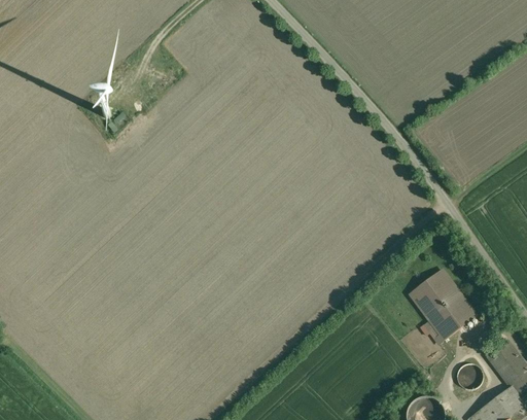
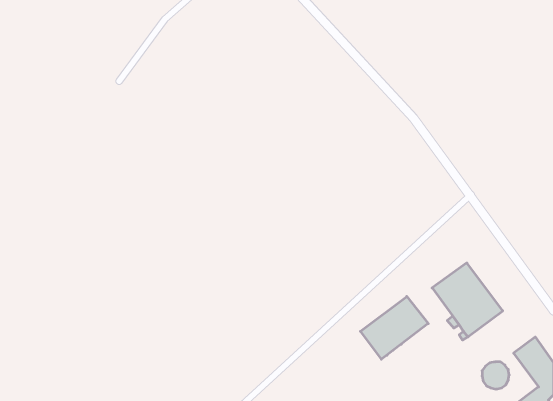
building: none -> [360,296,428,359]

